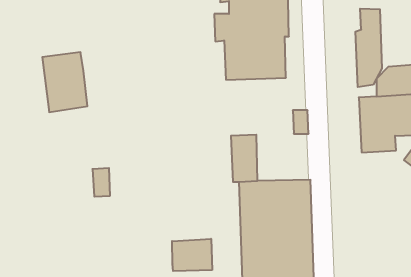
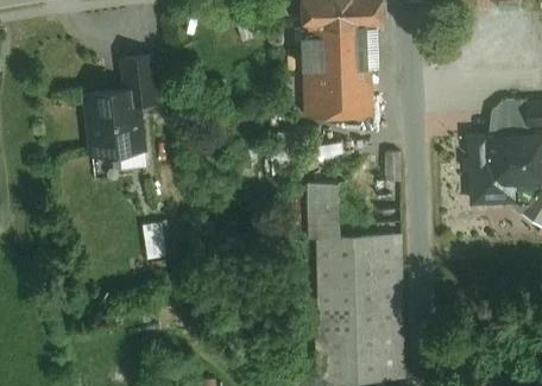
building: [355,9,382,87] -> none
building: none -> [126,55,153,107]
building: [172,239,212,271] -> none

